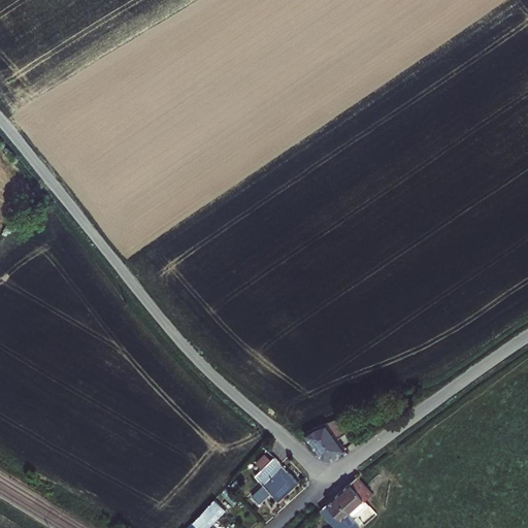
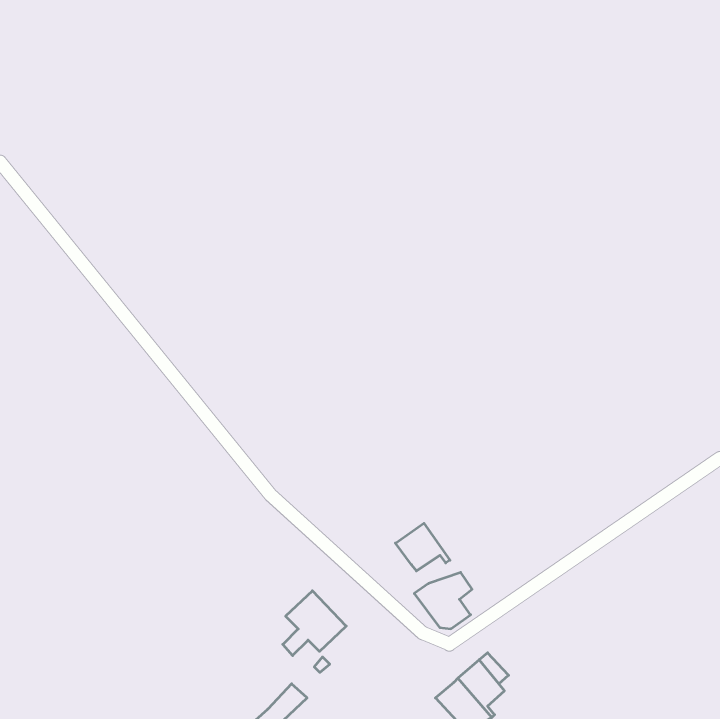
building: none -> [395,523,450,571]
building: [252,459,298,506] -> [283,591,346,656]

